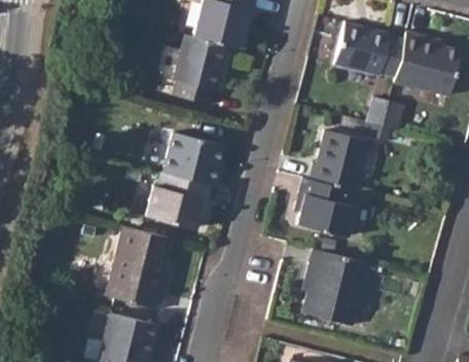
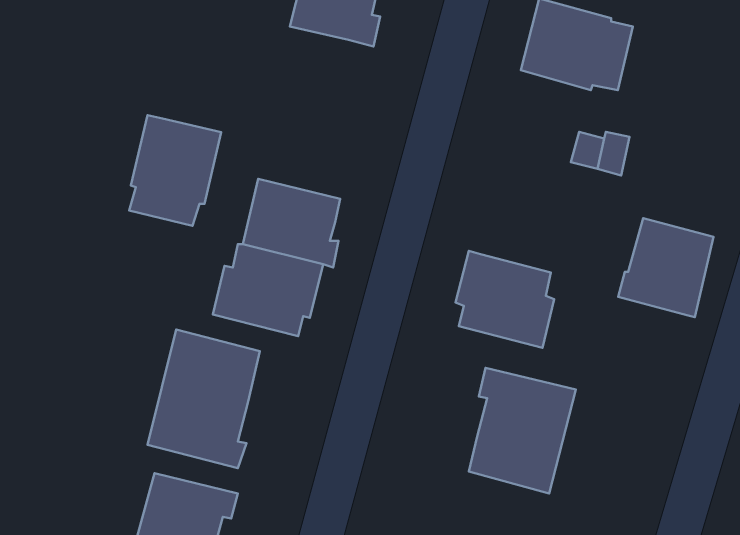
building: [392,30,458,97] -> none
building: [171,36,227,104] -> [129,115,221,226]
building: [309,130,367,190] -> [618,218,713,317]

